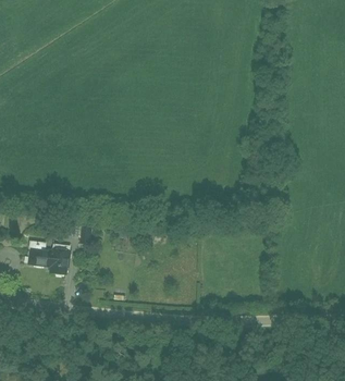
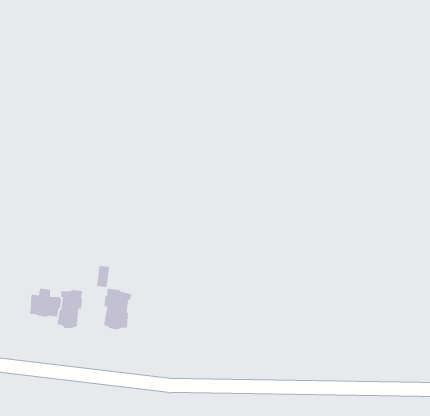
building: none -> [103,288,132,331]

